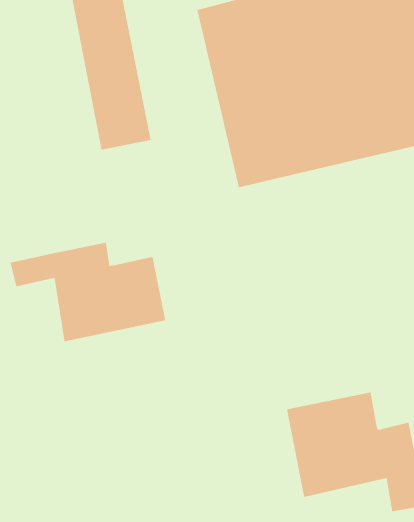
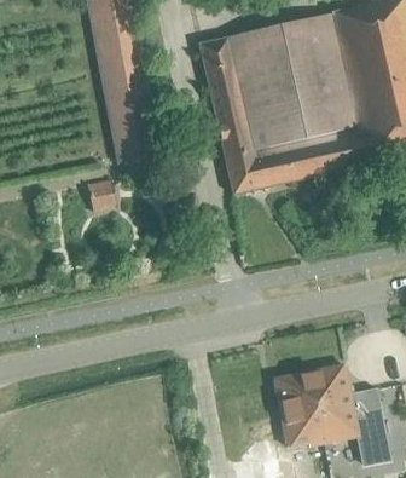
building: none -> [86,177,117,211]
building: [10,242,166,342] -> none

